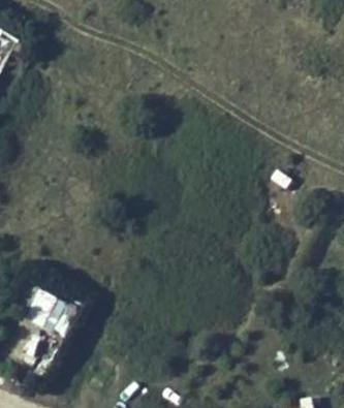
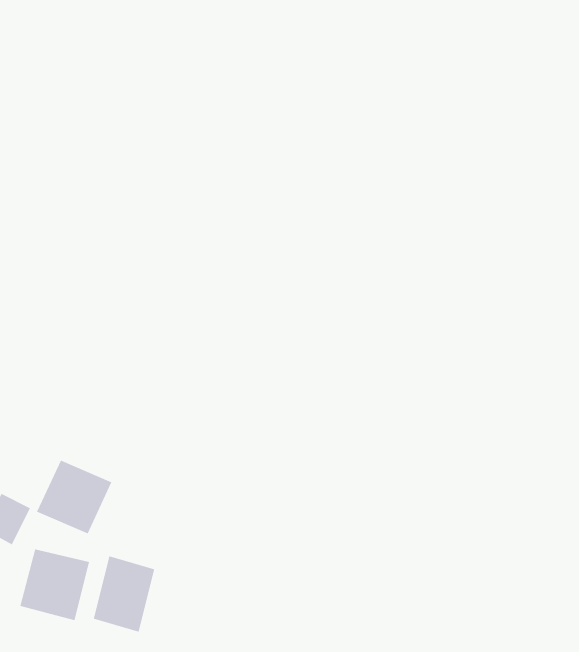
building: none -> [93,555,155,633]

